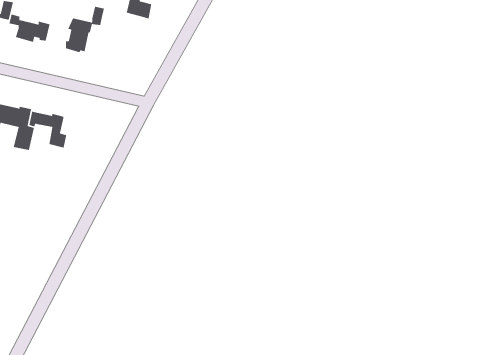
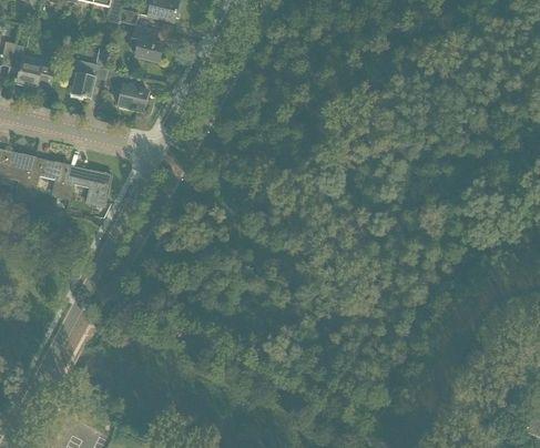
building: none -> [105,69,147,110]
building: none -> [65,165,111,205]

